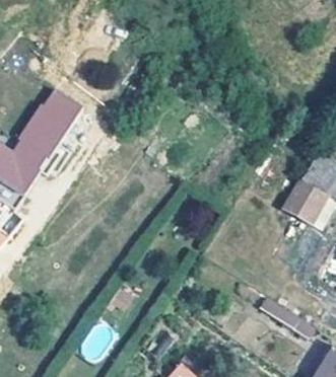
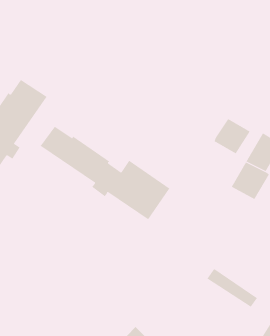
building: none -> [214,118,251,154]
building: none -> [40,126,170,220]

